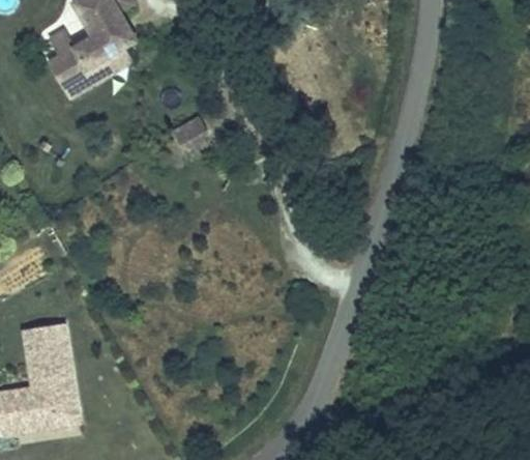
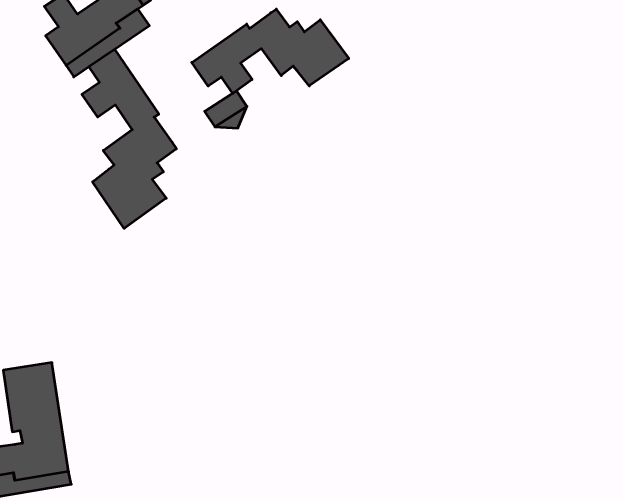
building: none -> [192,9,349,93]
building: none -> [82,49,176,228]

